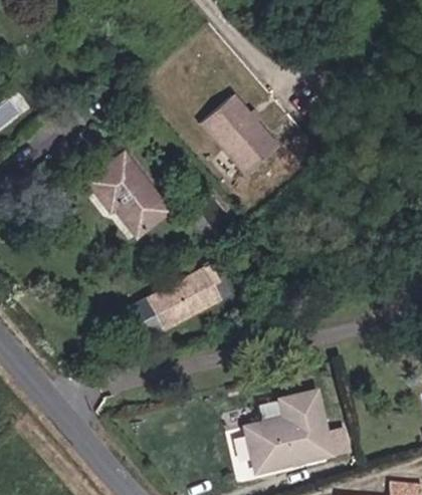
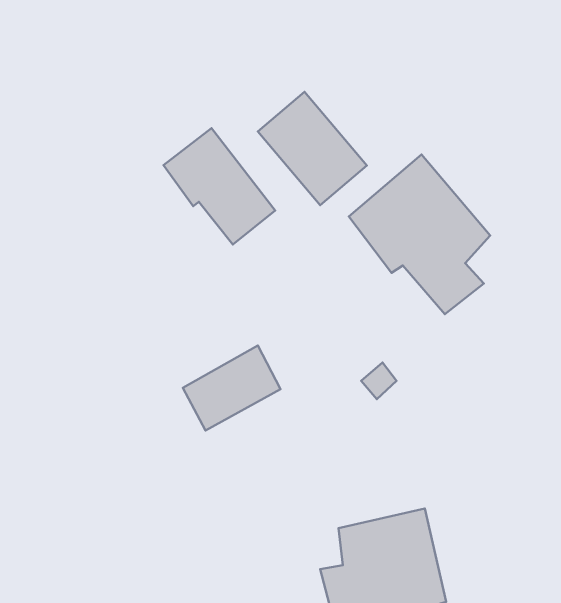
building: none -> [349,154,490,314]
building: [85,157,165,239] -> [163,128,275,244]

